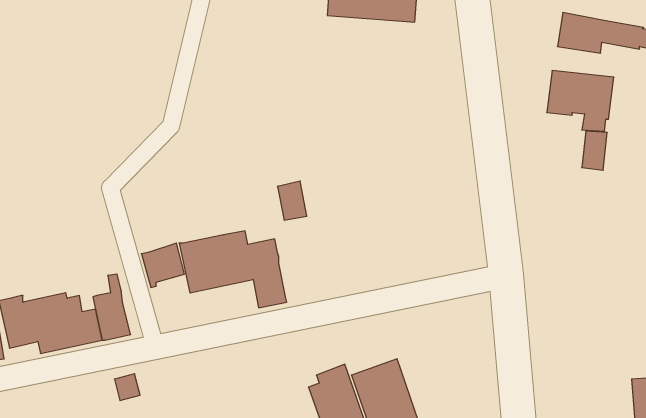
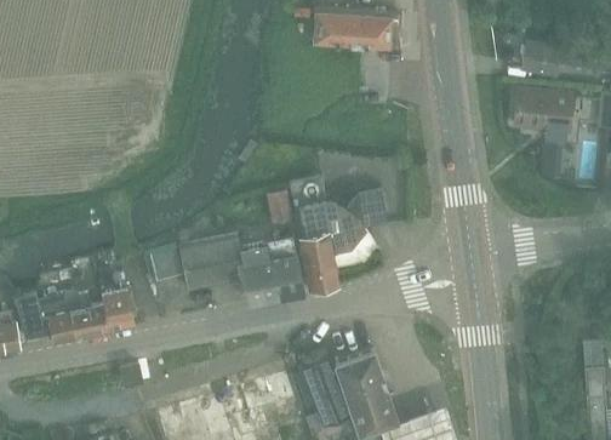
building: none -> [295,188,388,293]
building: none -> [265,235,304,298]

